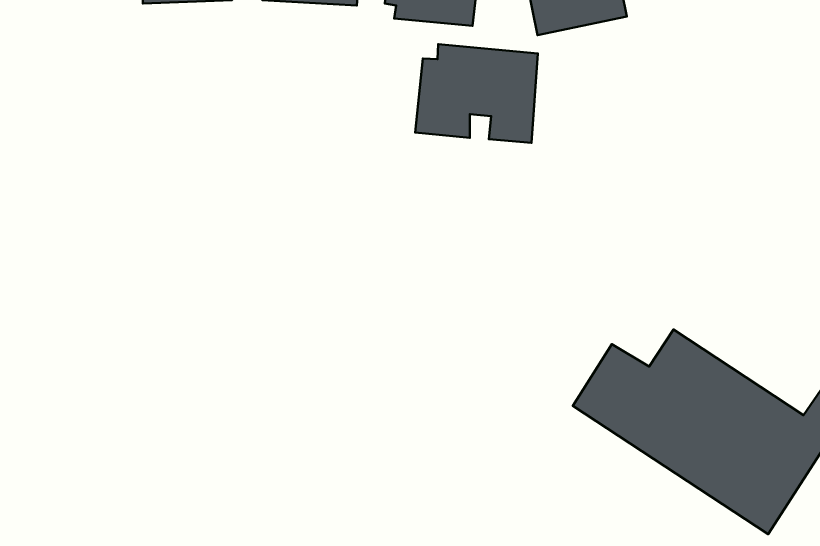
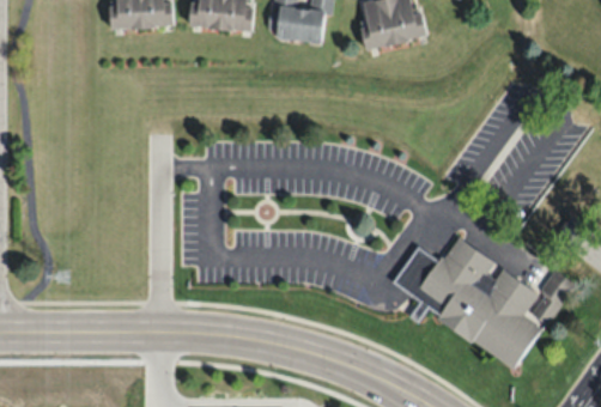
building: [415,44,538,143] -> none

